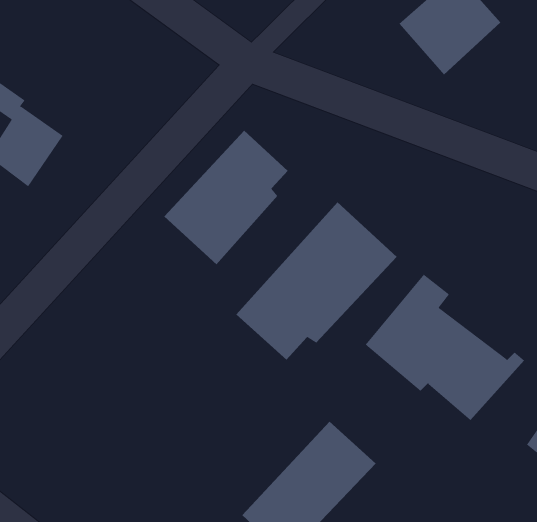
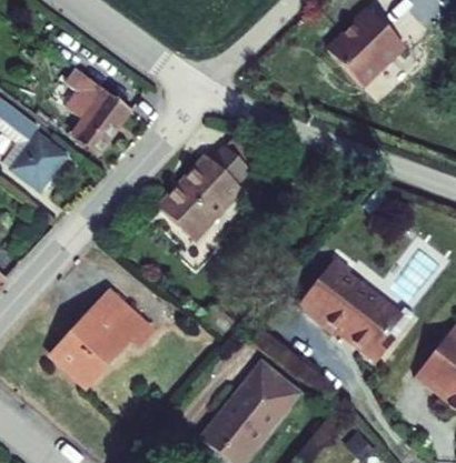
building: none -> [68,69,132,152]
building: [236,202,398,360] -> none
building: none -> [51,288,157,385]

